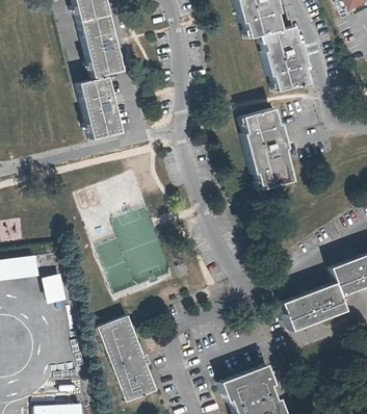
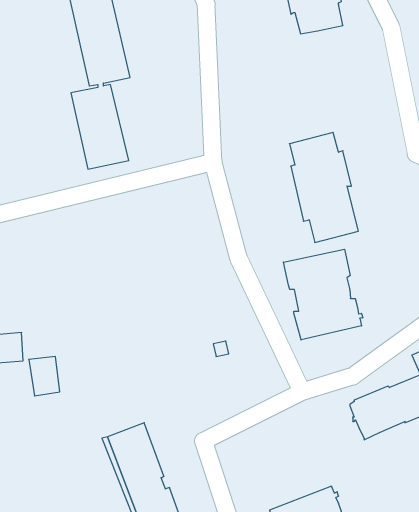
building: [260,26,306,90] -> none
building: none -> [283,249,363,340]

